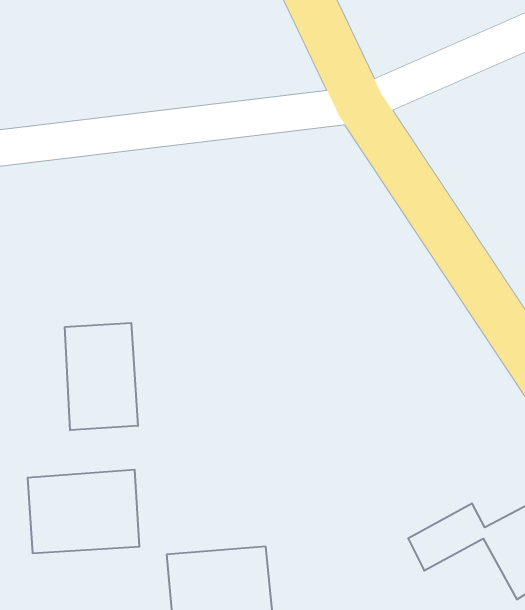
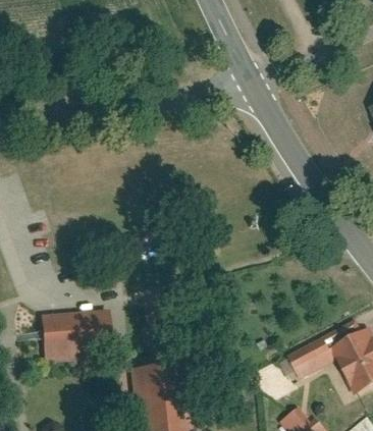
building: [65,323,138,430] -> none

